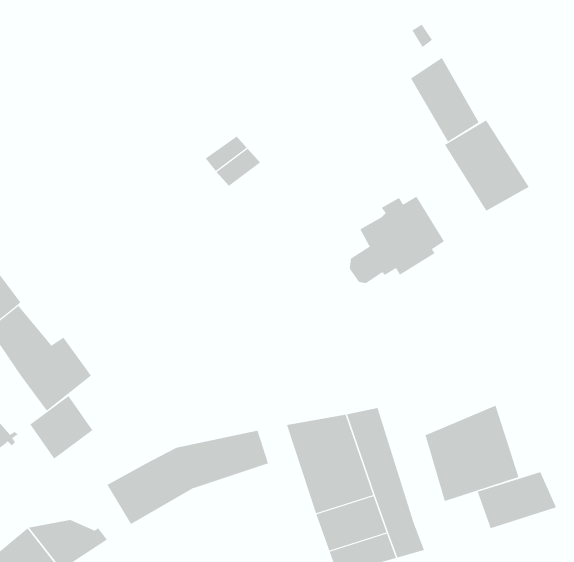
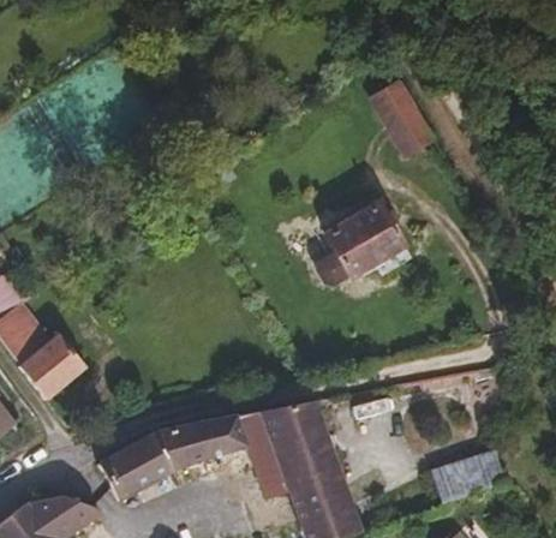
building: [444,120,530,212] -> none
building: [29,395,93,459] -> none
building: [425,405,519,502] -> none
building: none -> [234,411,286,497]

